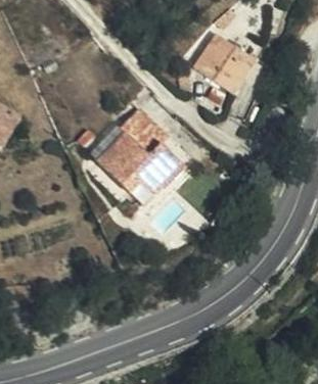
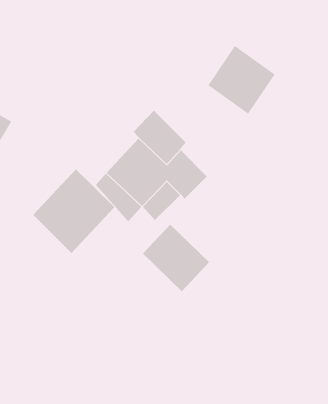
building: none -> [33,168,115,254]
building: none -> [142,224,210,292]

